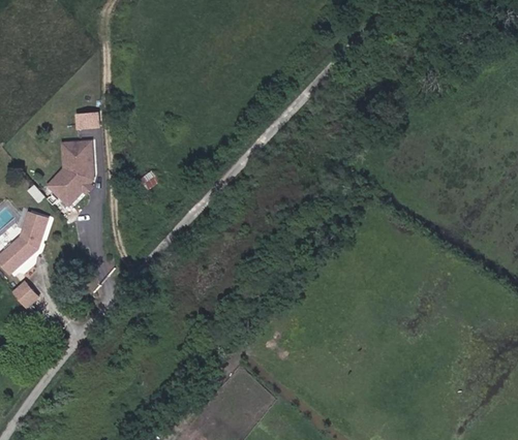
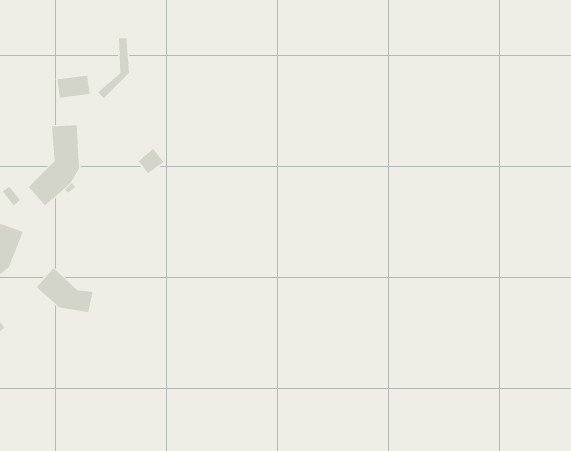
building: [47,140,72,189] -> [97,37,130,99]
building: none -> [36,267,93,313]

